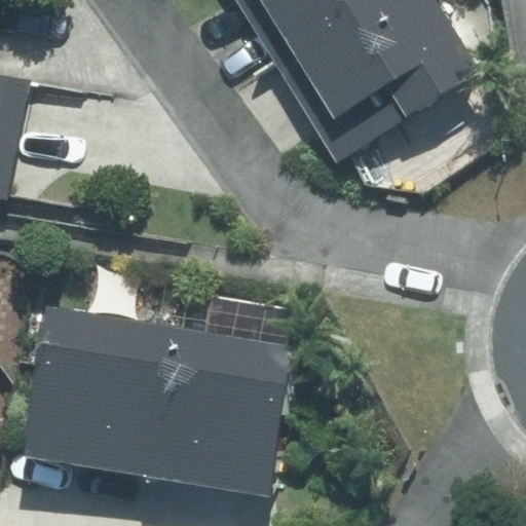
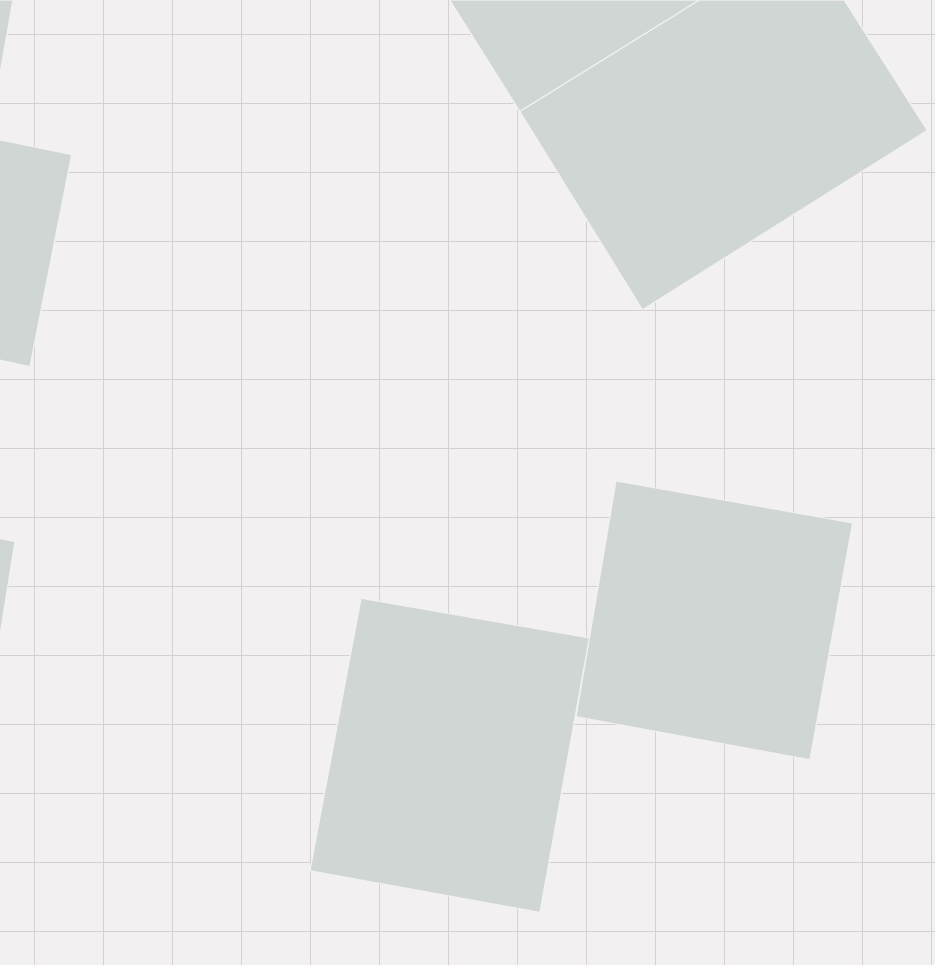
building: none -> [576,481,852,760]
building: [55,305,196,474] -> none

